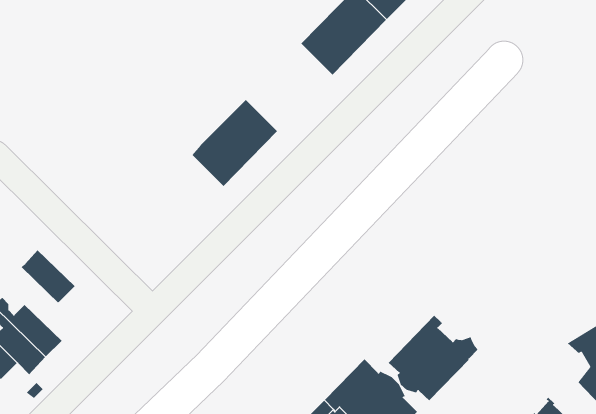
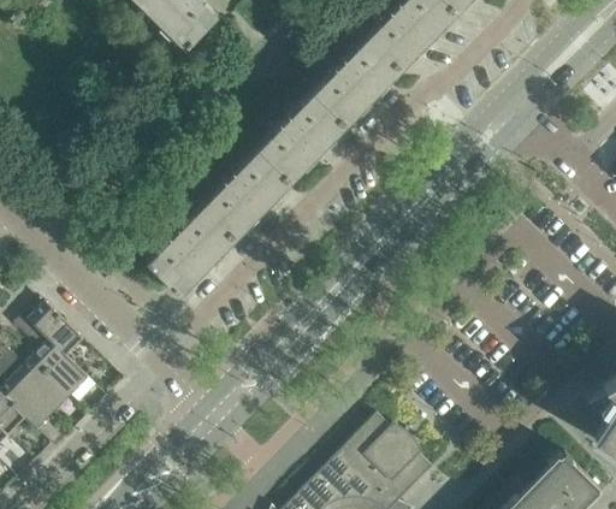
building: none -> [259,93,346,182]
building: none -> [148,206,236,295]
building: none -> [16,315,89,395]
building: [388,315,478,401] -> none

